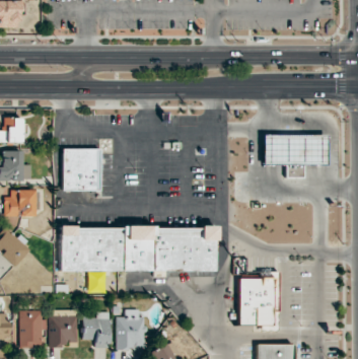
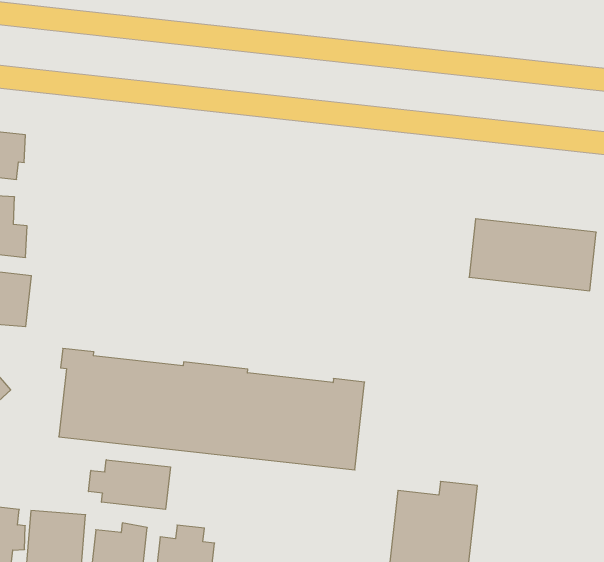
building: [61,148,99,191] -> none
building: none -> [89,460,170,509]

